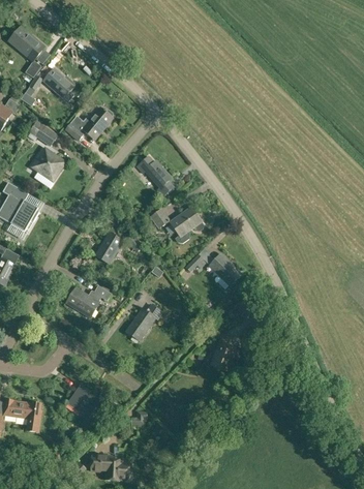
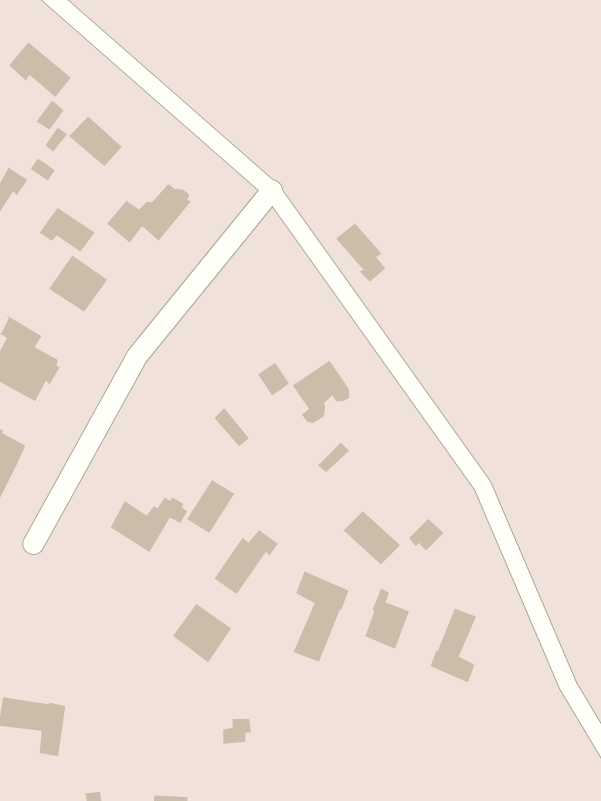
building: [144,160,173,194] -> [335,222,386,283]
building: [94,232,122,263] -> [186,479,235,534]
building: [208,253,241,284] -> [343,510,401,565]
building: none -> [293,570,349,663]
building: none -> [430,608,477,683]
building: [66,384,100,418] -> [172,603,232,663]

